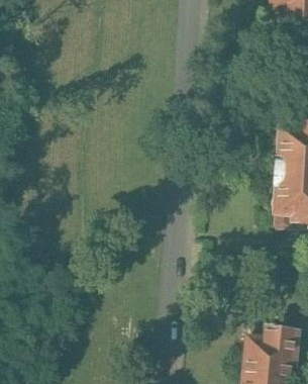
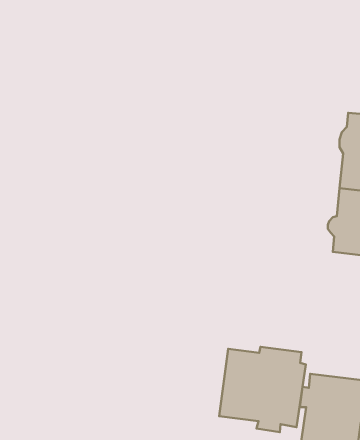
building: none -> [219,347,306,432]

